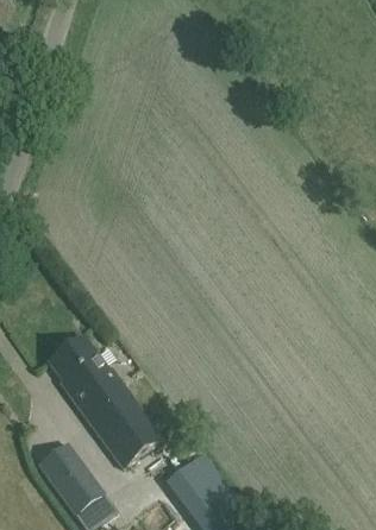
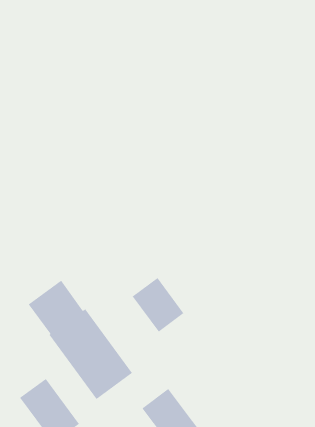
building: none -> [132,277,184,333]

